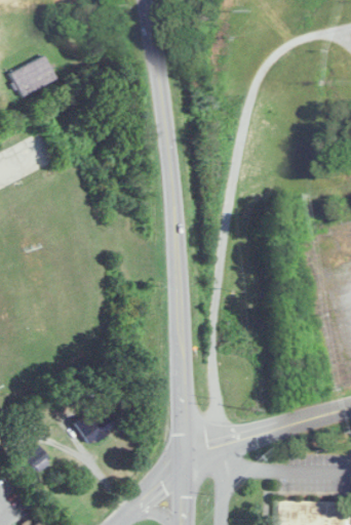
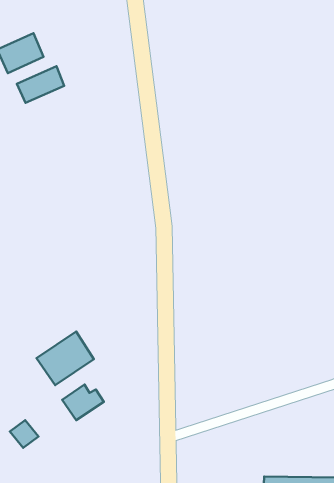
building: none -> [17,66,64,103]
building: none -> [37,331,94,385]

